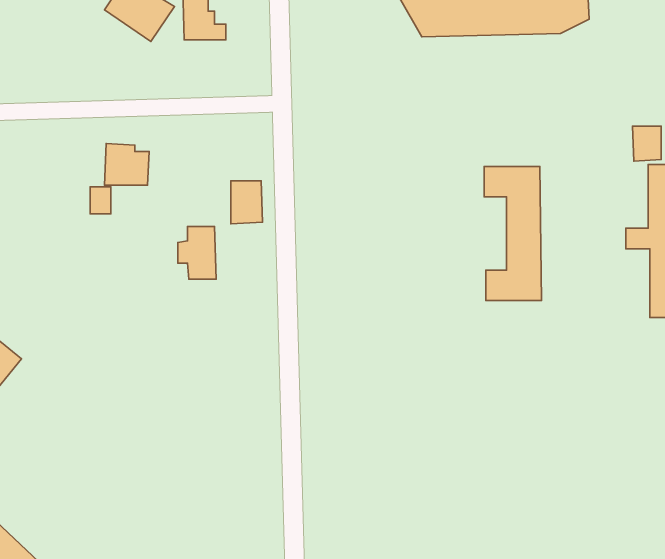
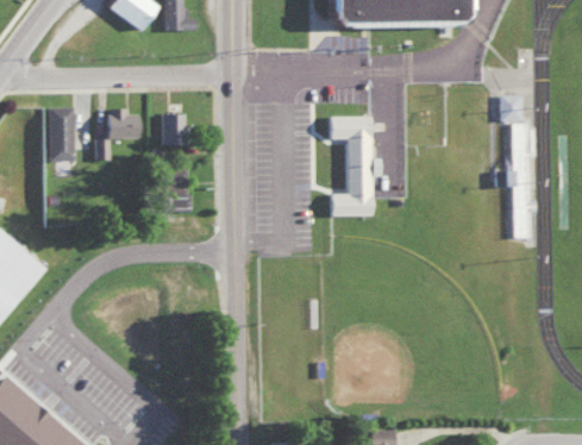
building: none -> [50,107,75,162]
building: [484,167,542,300] -> [330,117,373,217]
building: [231,181,263,224] -> [162,114,186,146]

